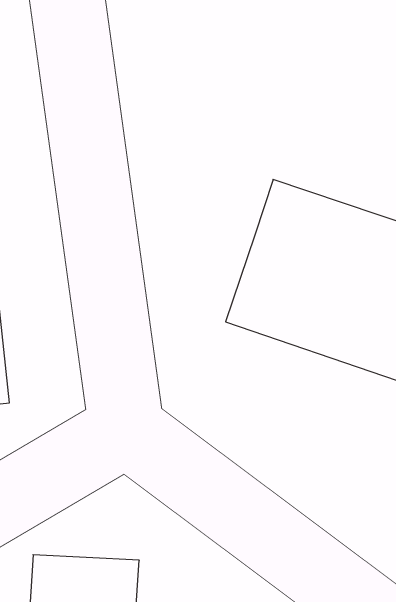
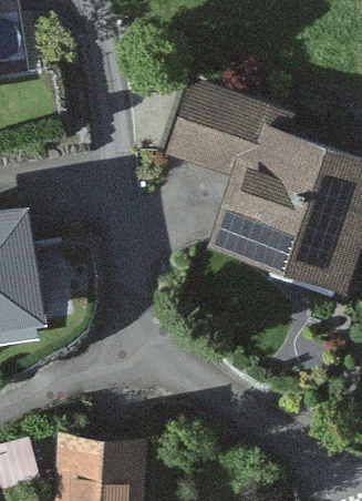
building: none -> [161,89,261,190]

